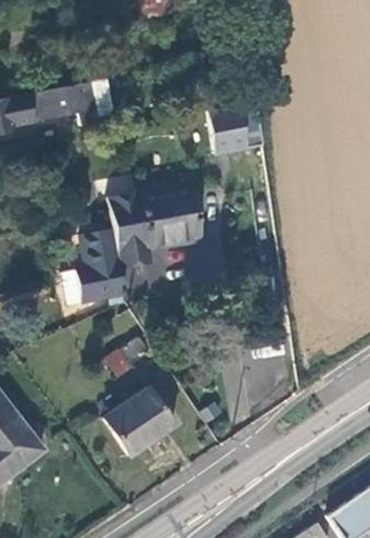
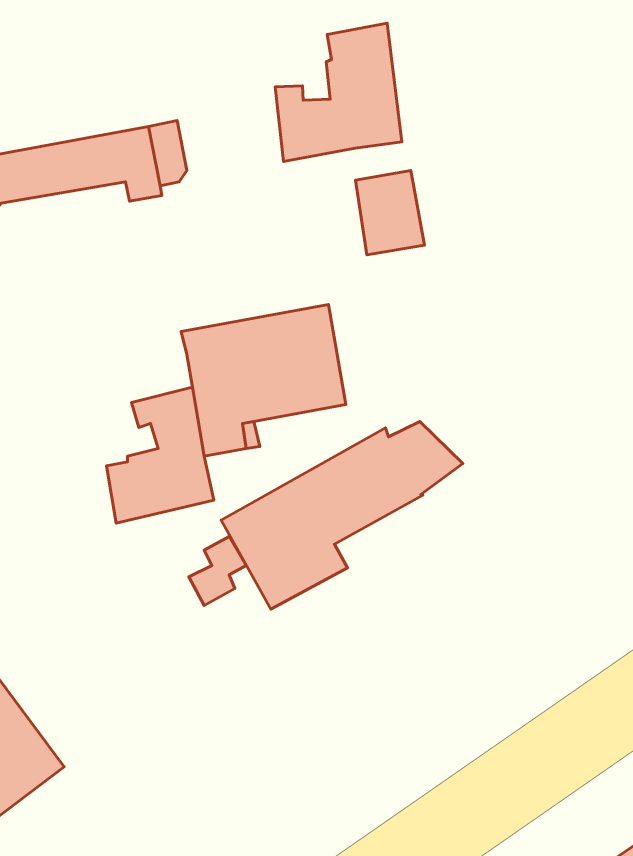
building: none -> [275,23,402,162]
building: none -> [221,422,463,609]
building: [105,391,175,458] -> none

